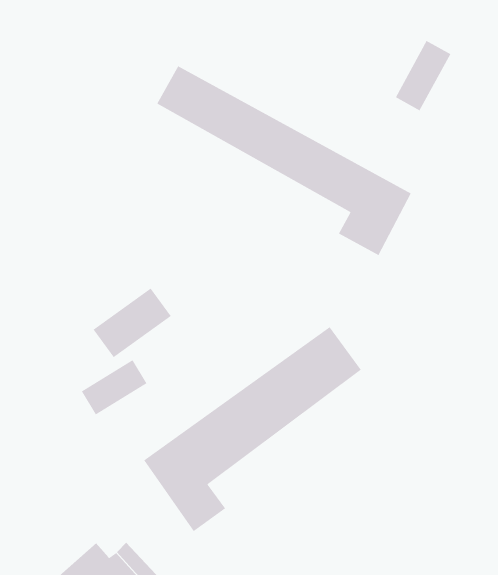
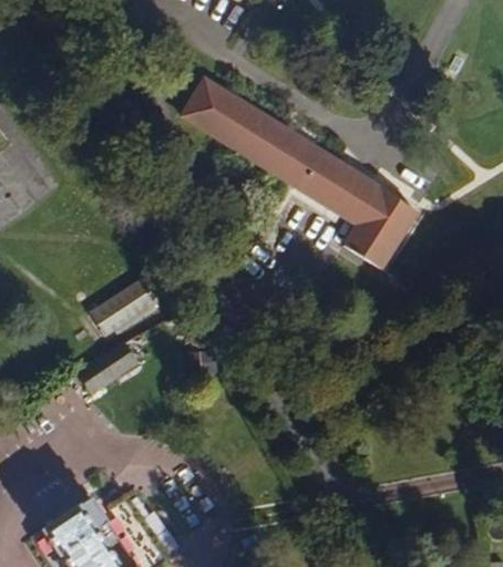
building: [395,40,451,112] -> none
building: [143,326,362,532] -> none

